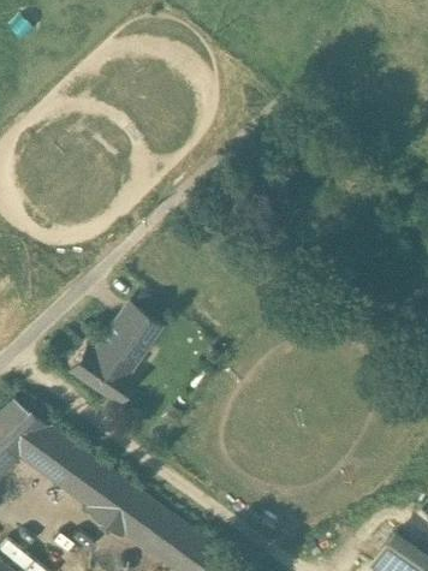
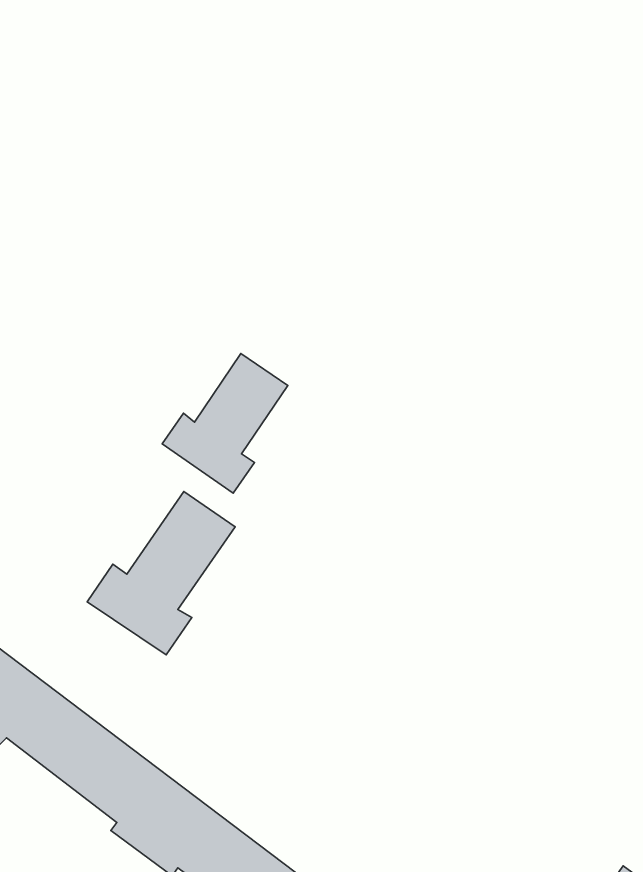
building: none -> [162,354,288,493]

